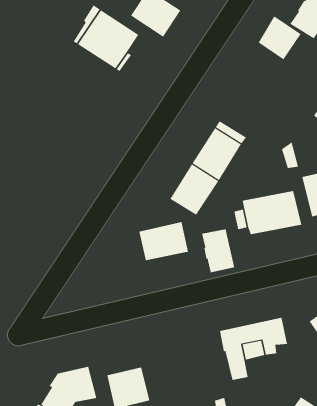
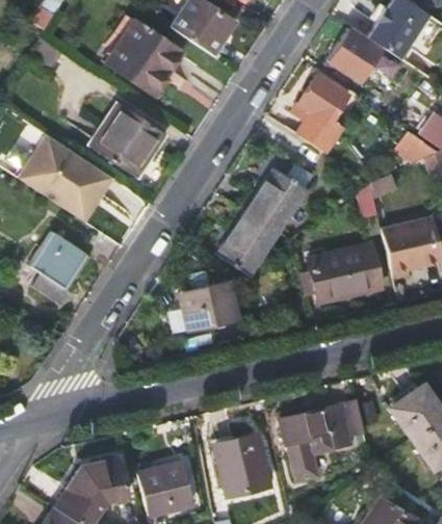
building: none -> [293,76,349,154]
building: none -> [86,101,163,177]
building: none -> [18,134,108,219]
building: none -> [26,232,79,305]
building: [202,228,235,273] -> none
building: none -> [216,435,267,494]

